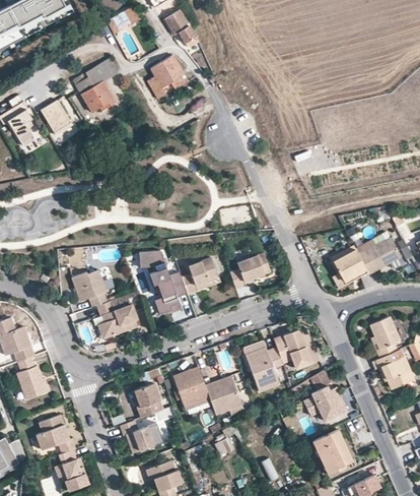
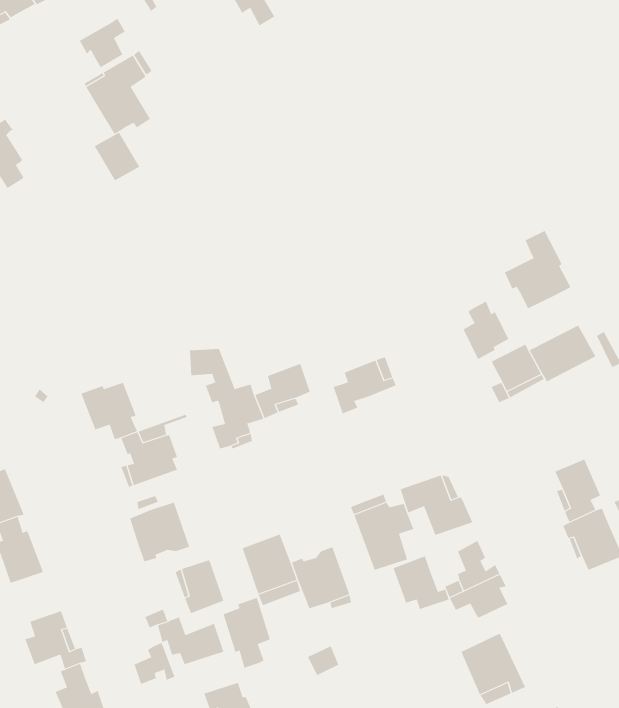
building: none -> [79,18,125,68]
building: [150,56,184,95] -> none
building: [42,101,71,132] -> [94,132,140,181]
building: none -> [504,230,571,309]
building: none -> [463,301,509,360]
building: none -> [129,502,190,562]
building: none -> [393,555,449,610]
building: none -> [223,597,271,669]
building: none -> [134,642,175,685]

